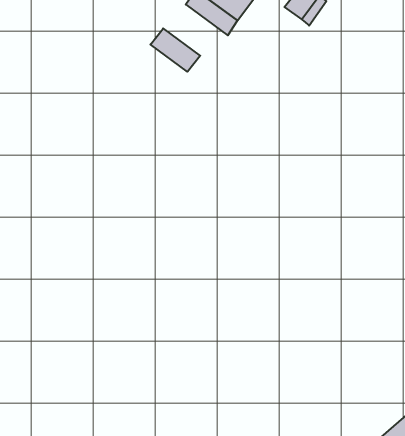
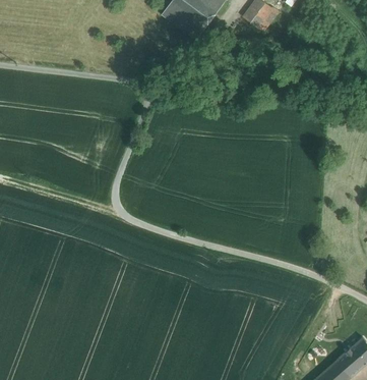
building: [150,28,200,72] -> none

